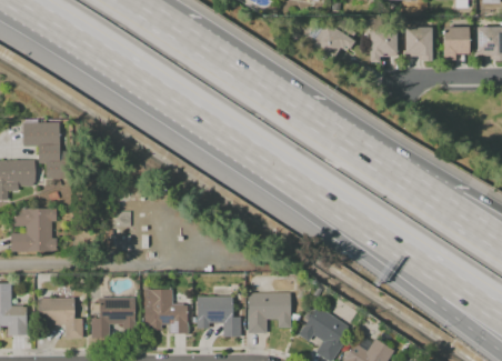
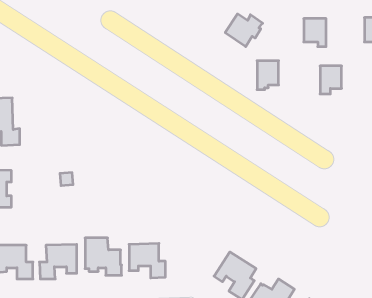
building: [443,27,469,60] -> [320,66,342,94]
building: [370,28,395,62] -> [257,61,279,90]
building: [248,292,291,333] -> none

